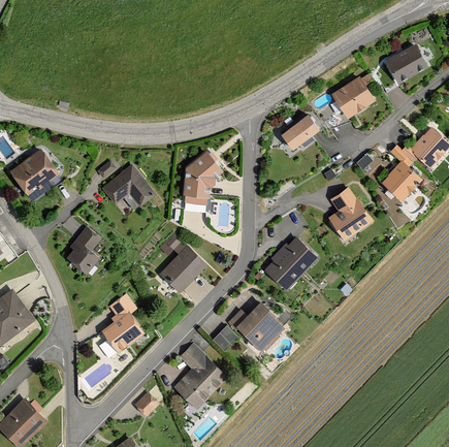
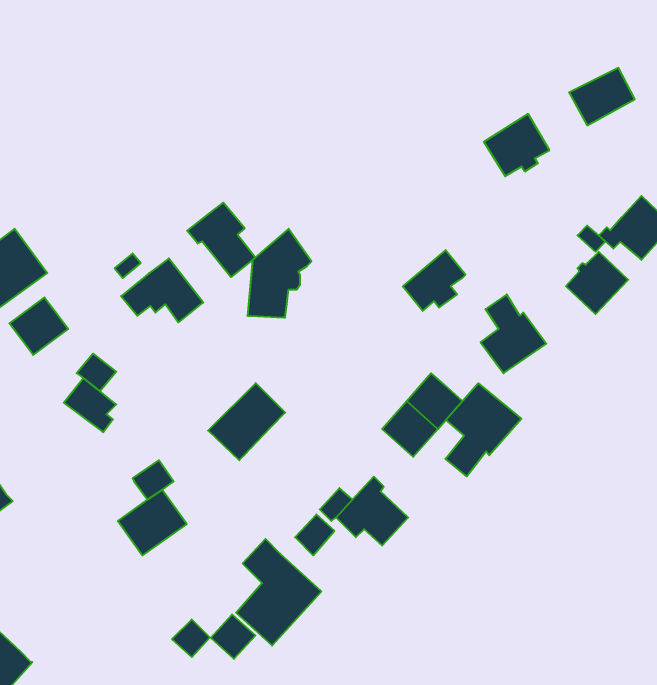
building: [280,110,319,149] -> [403,250,465,311]
building: none -> [187,203,255,277]
building: none -> [9,297,68,355]
building: none -> [445,383,521,476]
building: none -> [211,614,255,659]

